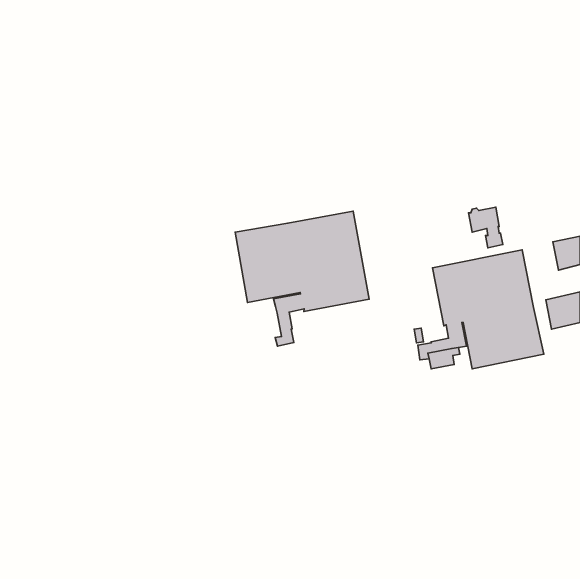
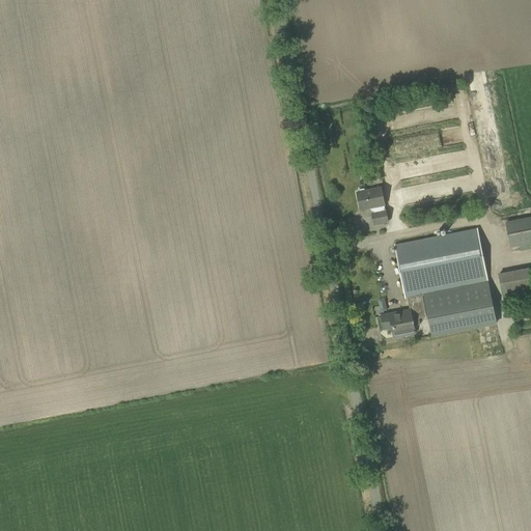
building: [469,207,503,248] -> [357,187,388,224]
building: [235,211,369,346] -> none

